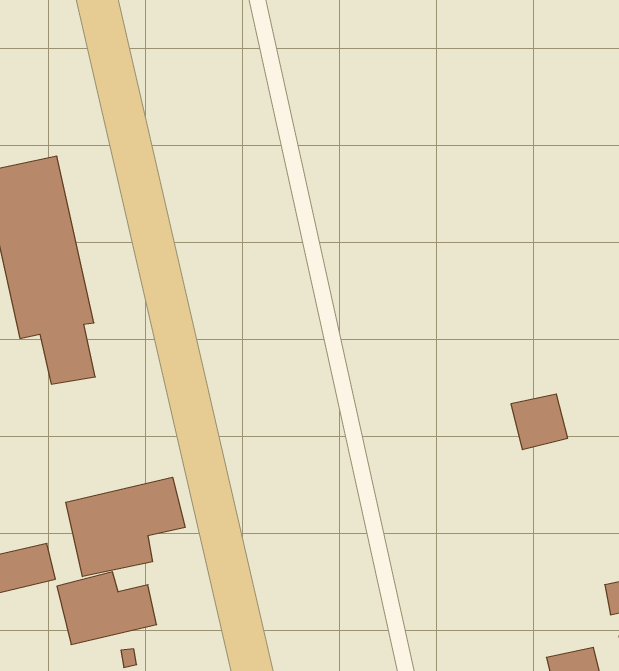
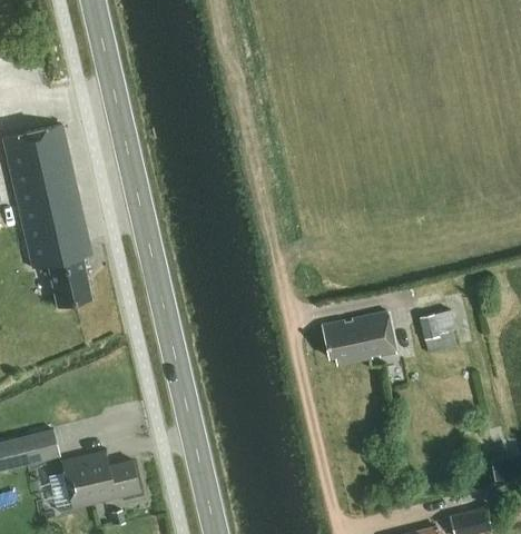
building: none -> [323,312,396,365]
building: [66,477,185,577] -> none

